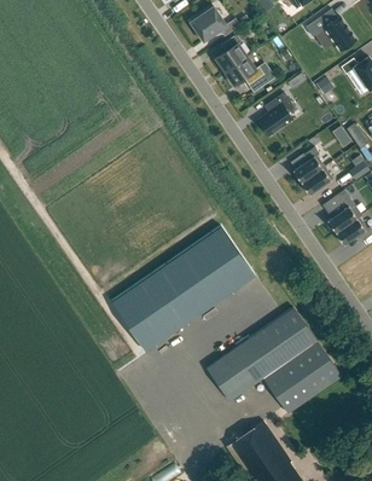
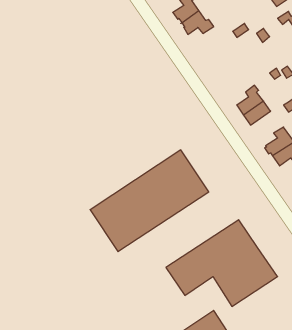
building: [258,92,295,135] -> none

